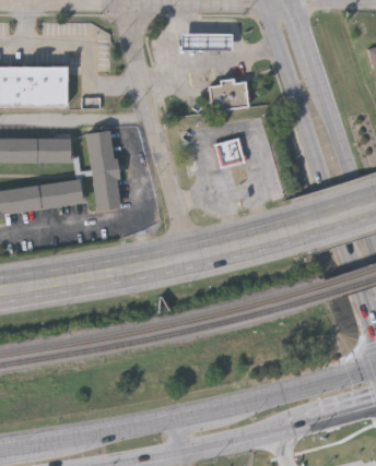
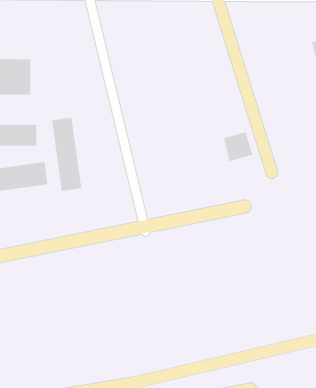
building: [180,35,232,50] -> none
building: [208,77,249,109] -> none
building: [212,138,245,170] -> [223,132,253,162]

